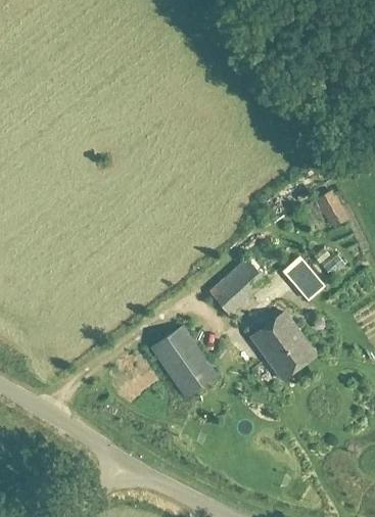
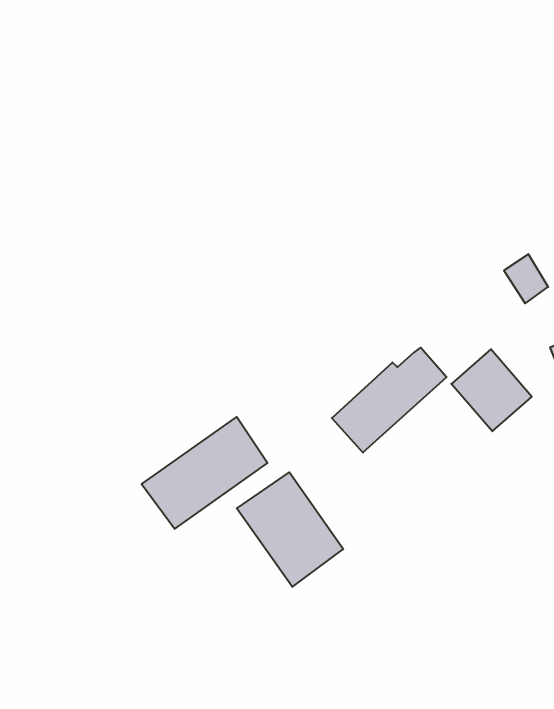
building: none -> [142,417,267,529]
building: [250,312,316,379] -> none

